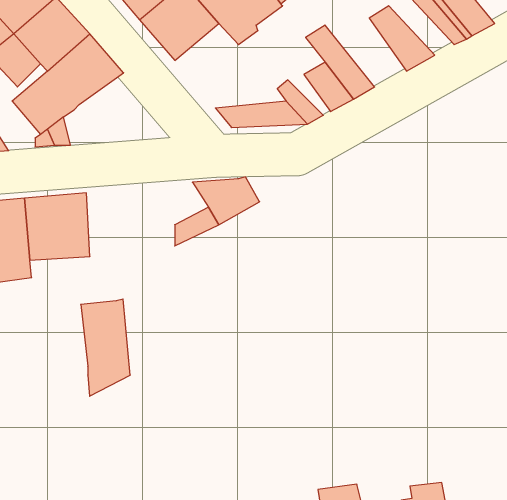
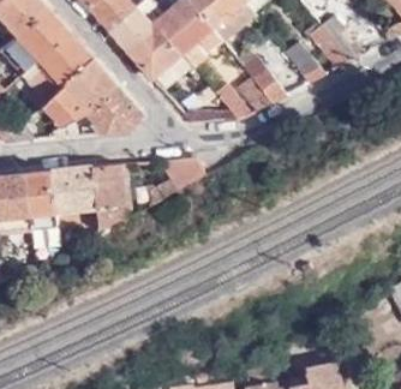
building: none -> [84,86,140,133]
building: [81,299,130,396] -> [92,164,126,231]

